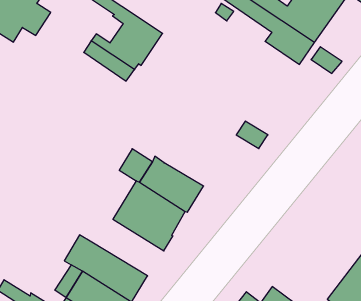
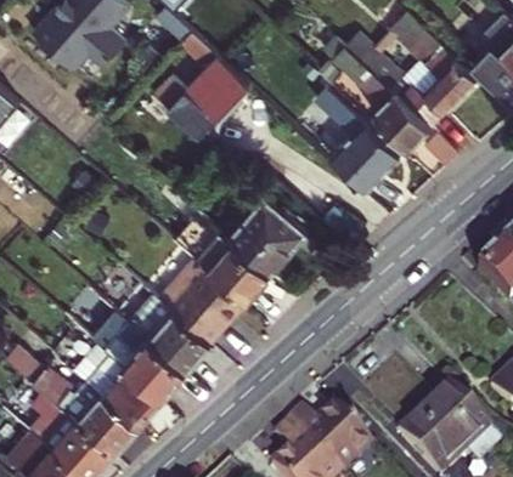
building: none -> [293,87,401,187]
building: none -> [230,198,308,276]
building: none -> [129,293,213,371]

